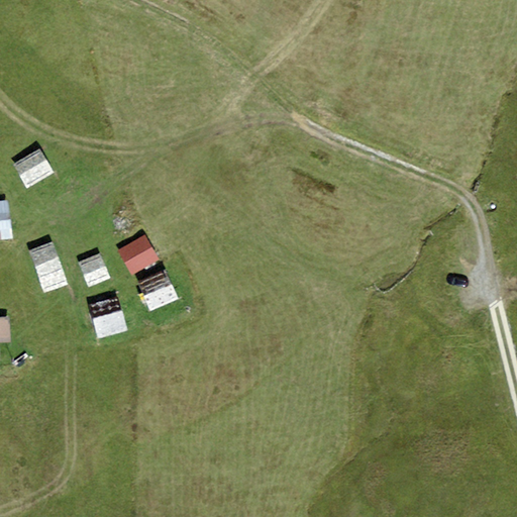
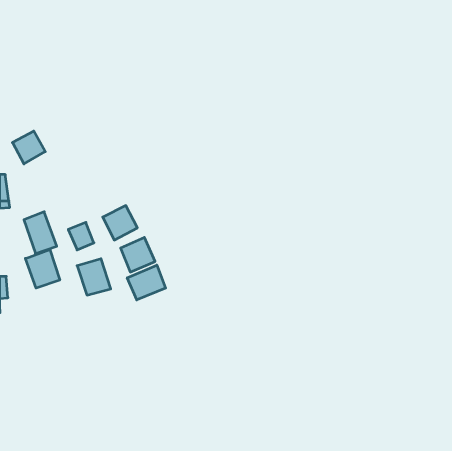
building: none -> [25,250,60,288]
building: none -> [127,265,166,300]

